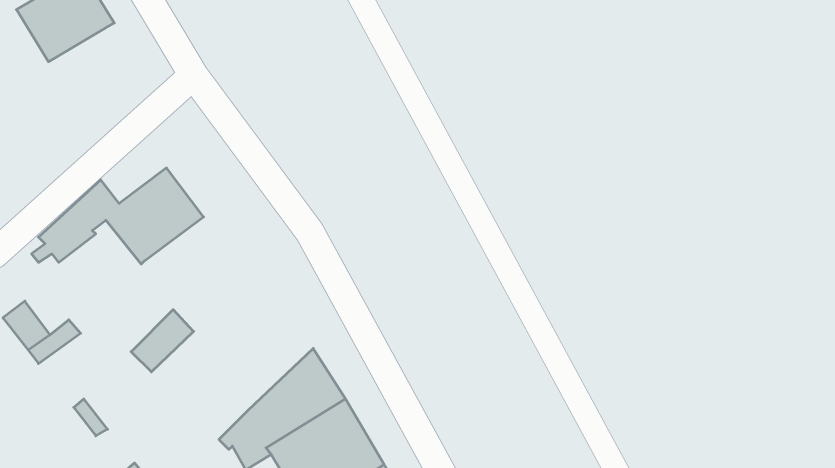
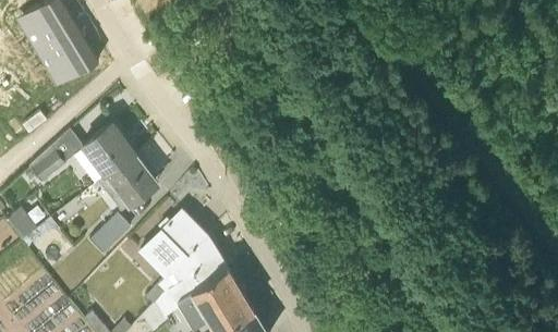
building: none -> [37,27,99,86]
building: none -> [99,152,159,210]
building: none -> [141,210,208,278]

